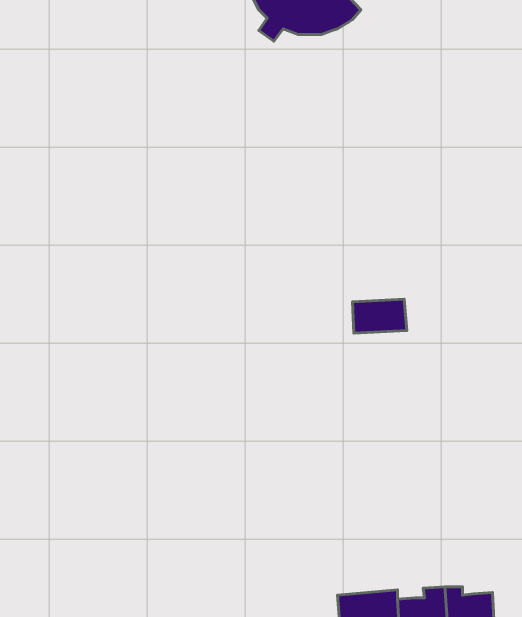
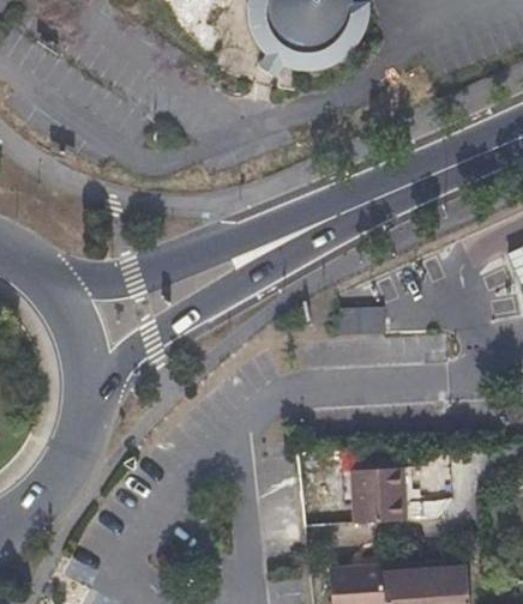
building: none -> [353,447,407,521]

